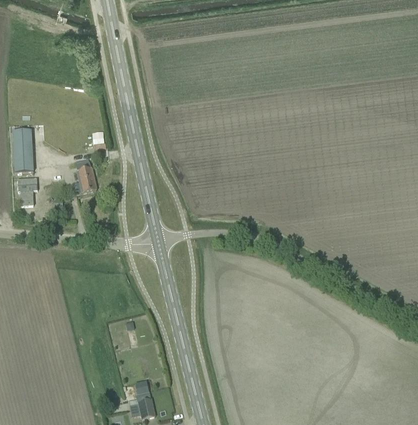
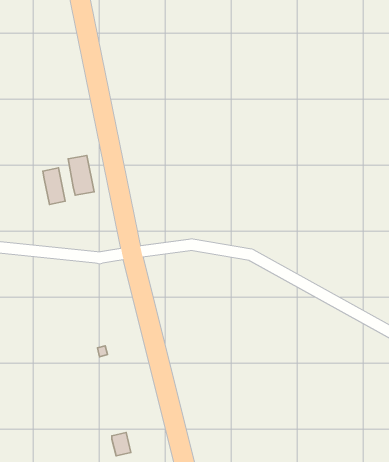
building: none -> [68,155,94,195]

